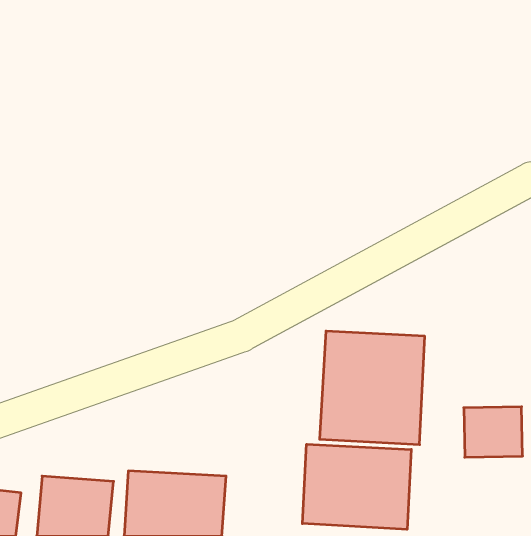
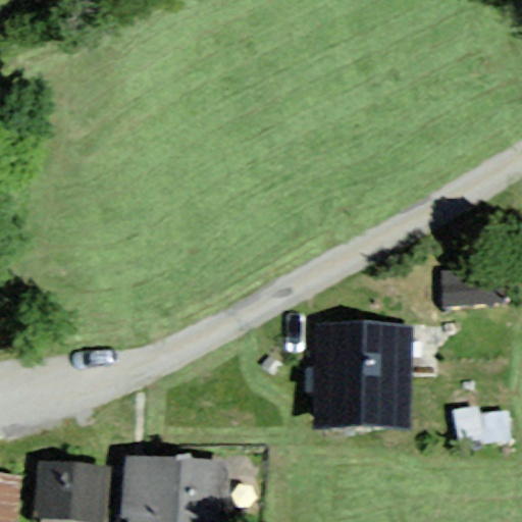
building: [302,444,411,529] -> none

